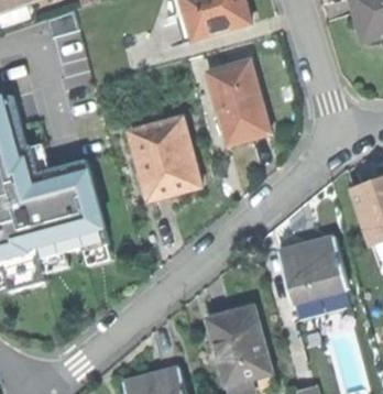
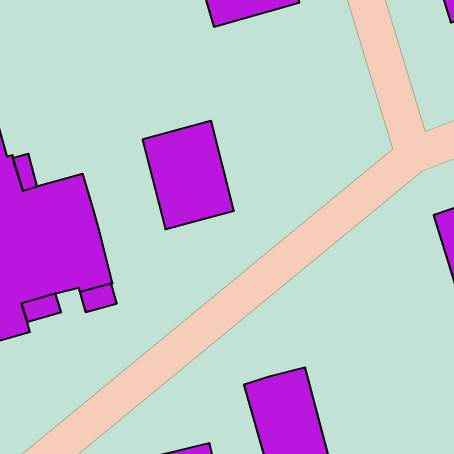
building: [209,62,271,144] -> none
building: [277,240,344,305] -> none

